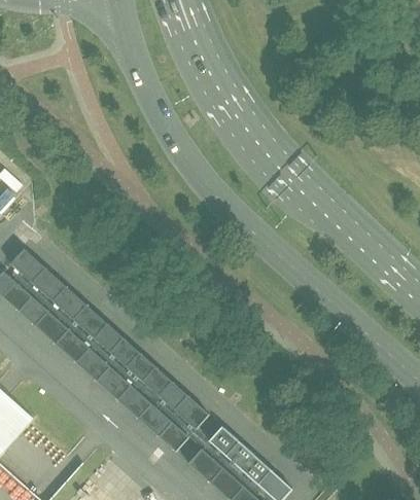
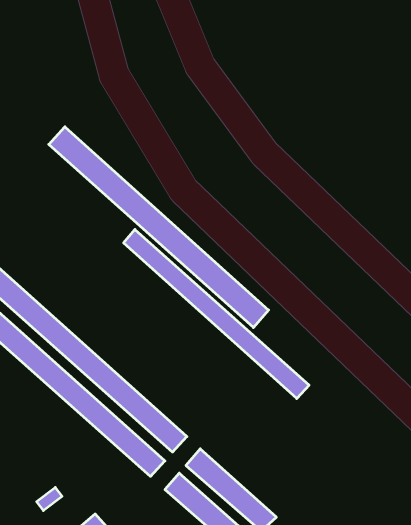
building: none -> [49,127,269,328]
building: none -> [124,229,309,399]

